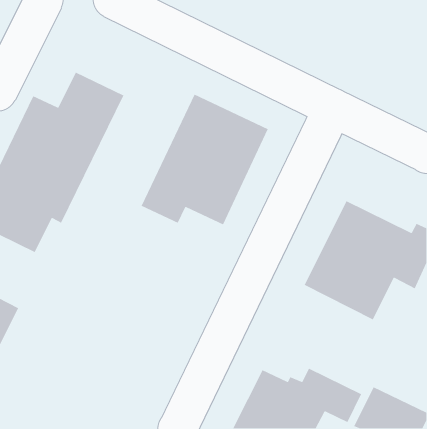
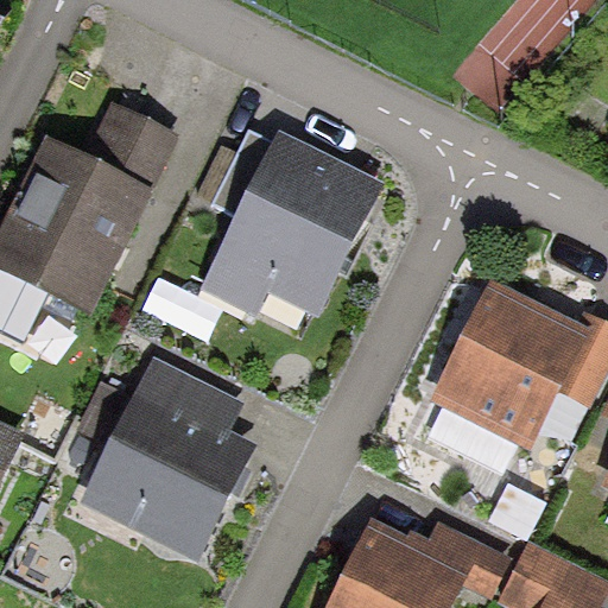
building: none -> [81,361,253,563]

